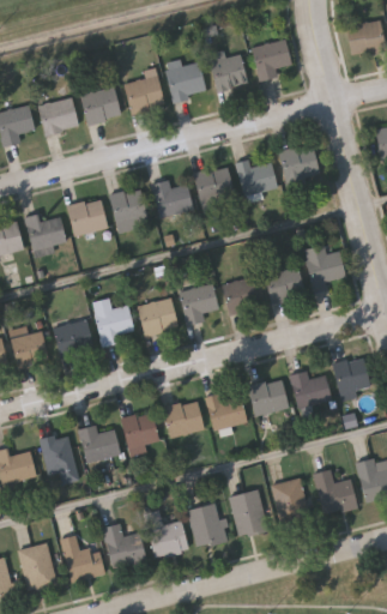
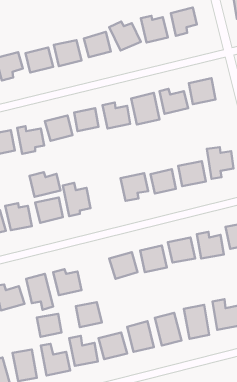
building: none -> [30,172,60,197]
building: [139,297,179,336] -> none
building: [121,413,159,450] -> [76,302,102,327]
building: none -> [37,314,61,337]

